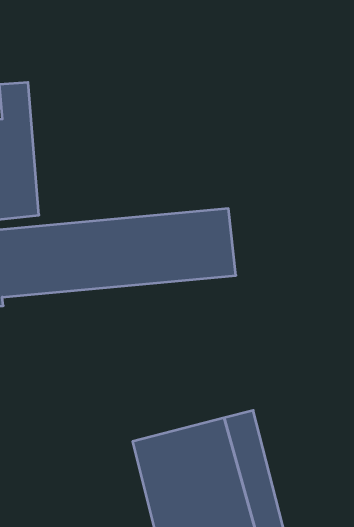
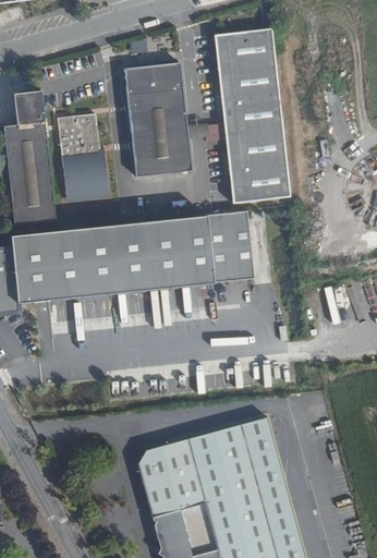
building: none -> [200,27,289,204]
building: none -> [125,62,191,177]
building: none -> [59,113,102,193]

